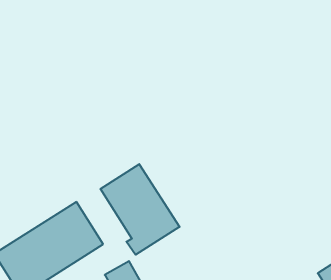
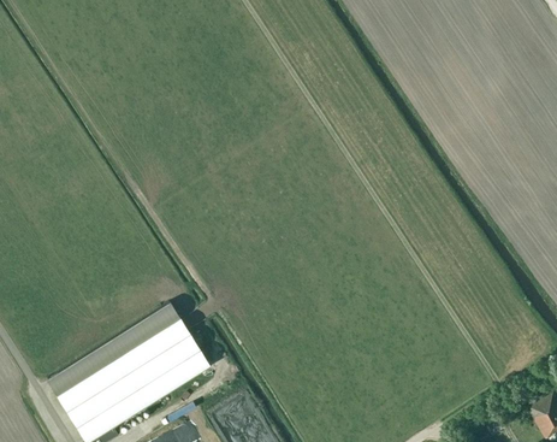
building: [101,164,180,255] -> none

